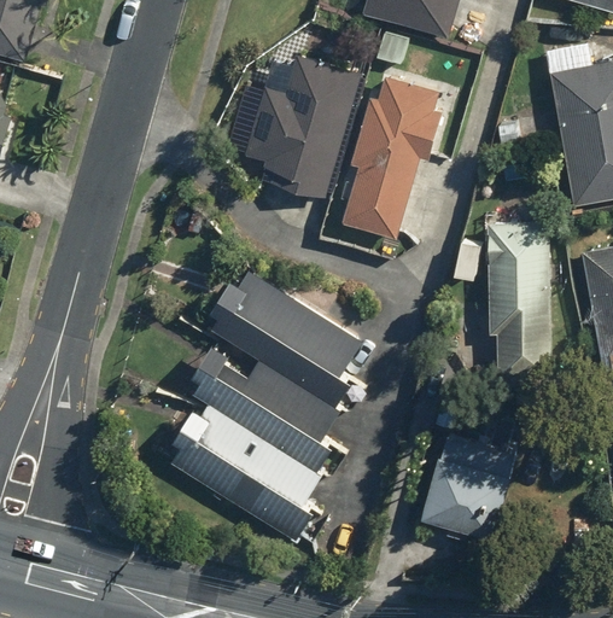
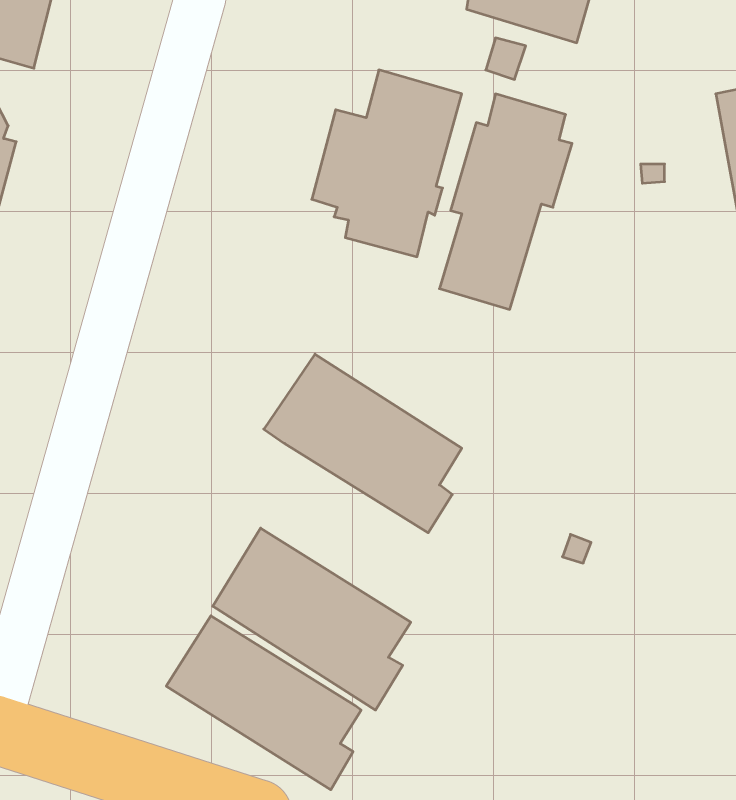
building: [486,221,549,377] -> none
building: [189,338,337,470] -> [166,616,361,790]
building: [416,433,510,537] -> none

